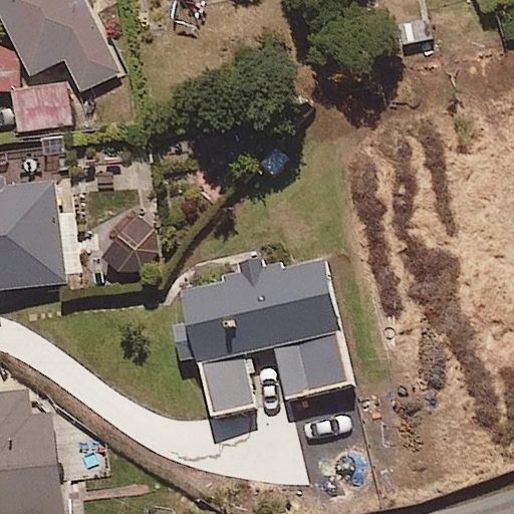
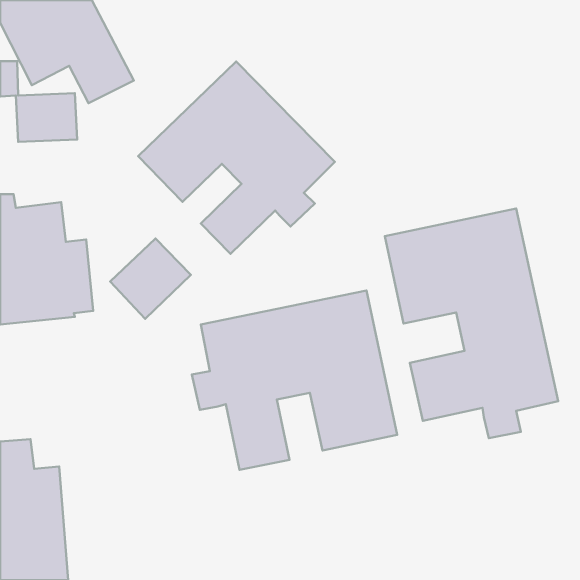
building: none -> [138,61,335,254]
building: none -> [385,208,558,438]

